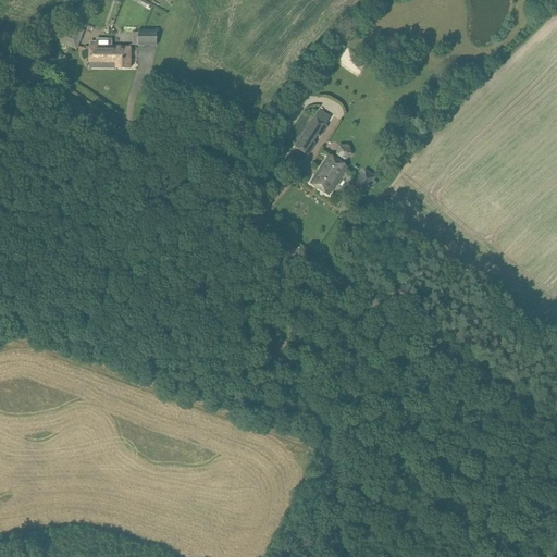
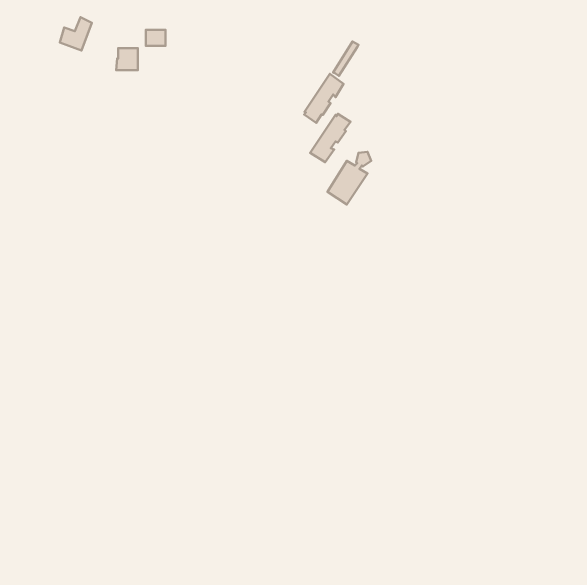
building: [89,37,112,66] -> none
building: none -> [304,74,344,123]

